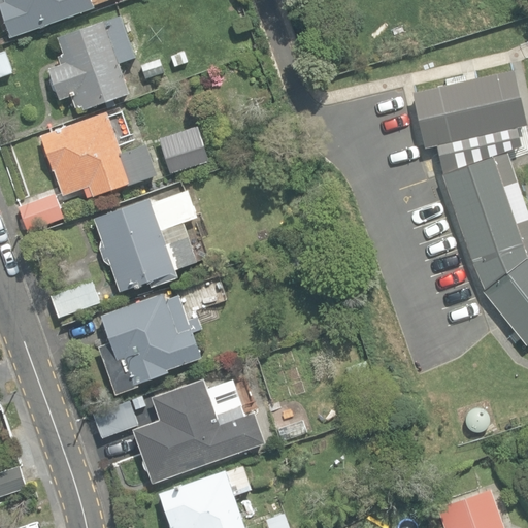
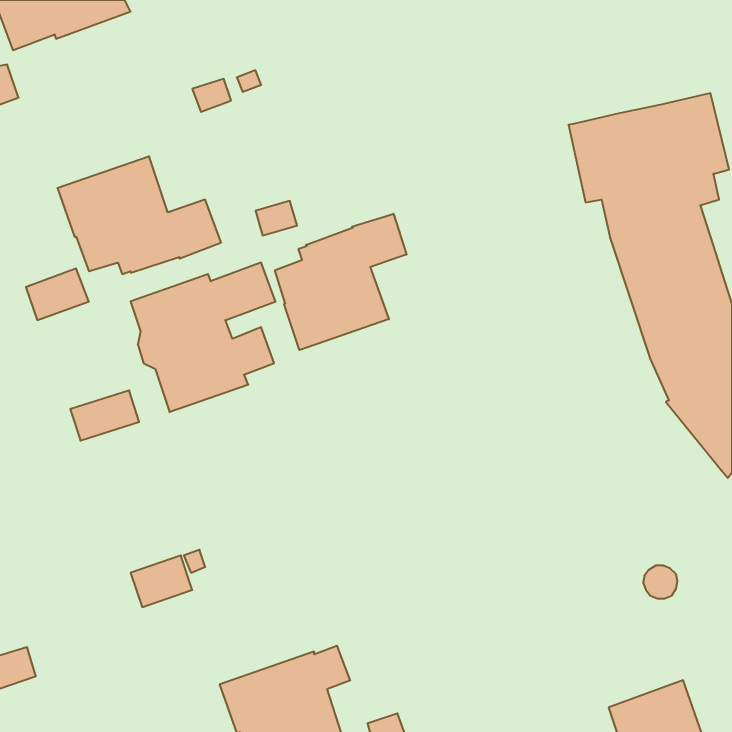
building: [48,16,136,111] -> none
building: none -> [275,214,407,350]
building: [98,292,202,395] -> none
building: [132,380,264,483] -> none

